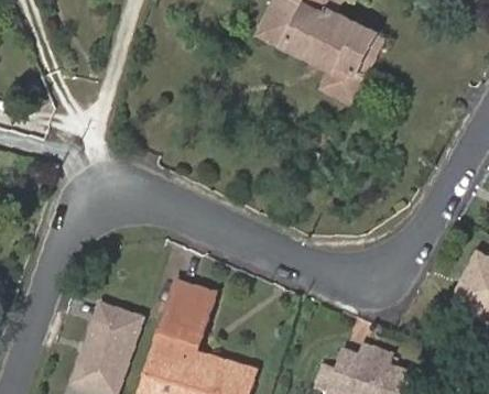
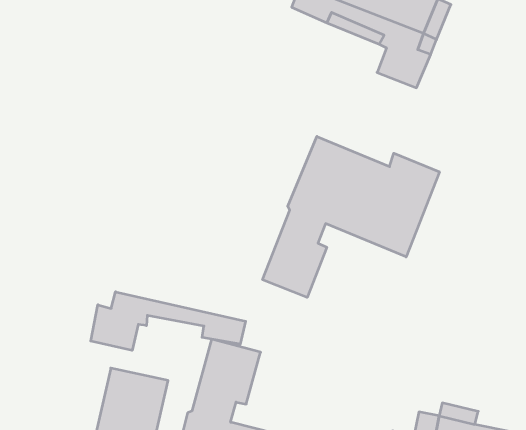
building: none -> [263,136,439,297]
building: none -> [91,292,246,350]

